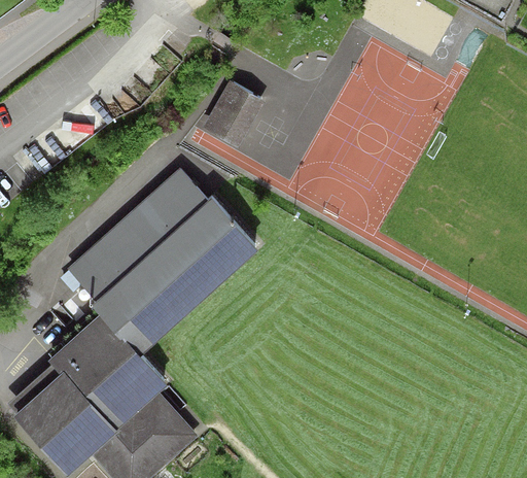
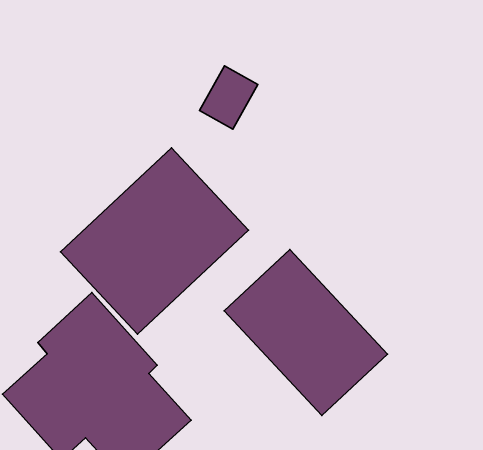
building: none -> [224,250,387,415]

